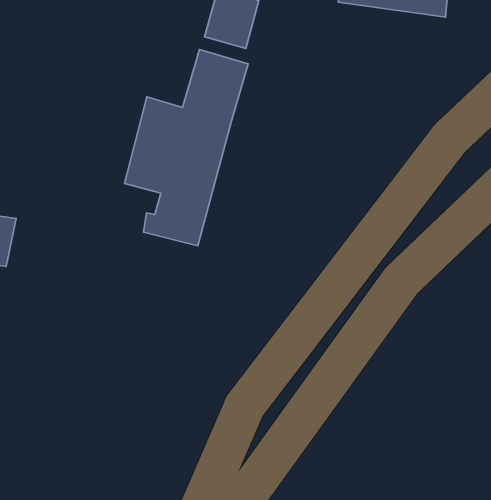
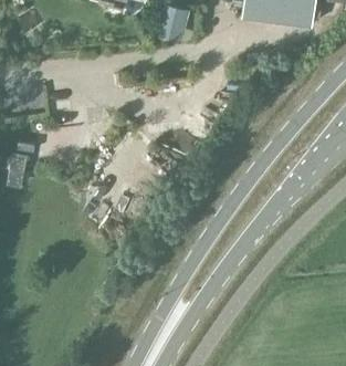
building: [125,49,248,246] -> none

